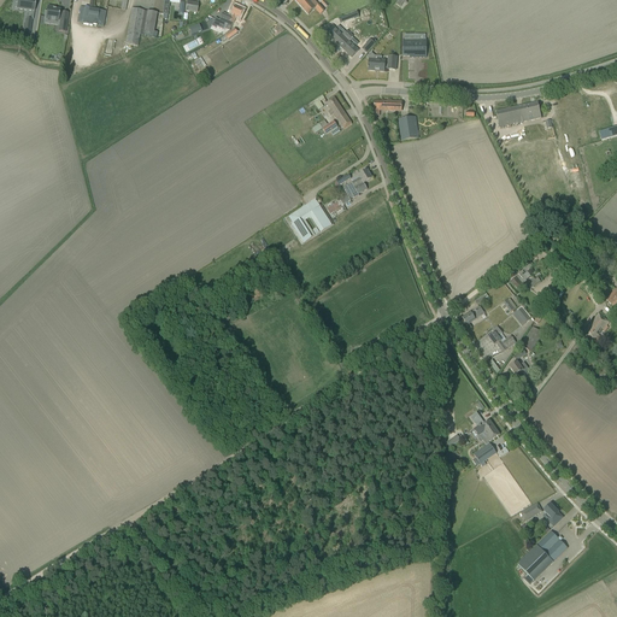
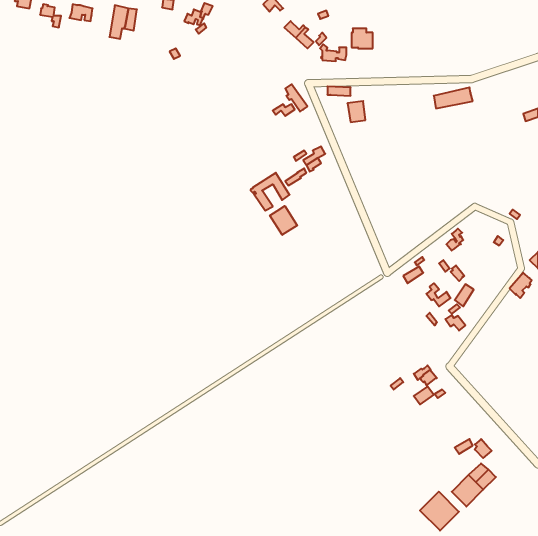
building: none -> [270,206,297,235]
building: none -> [420,492,459,531]

